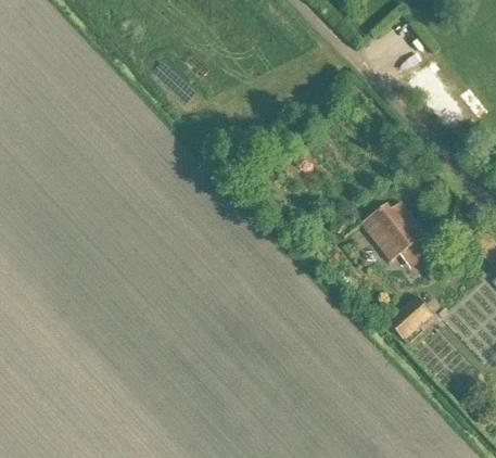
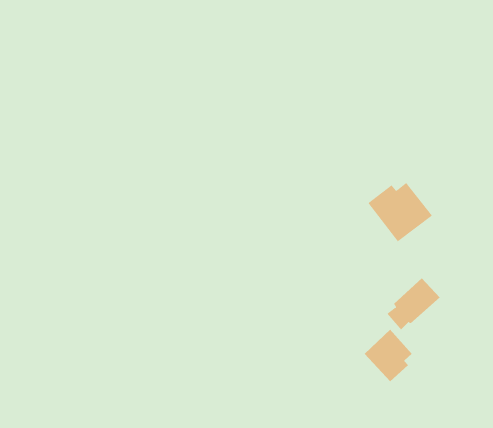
building: none -> [364,329,413,382]

